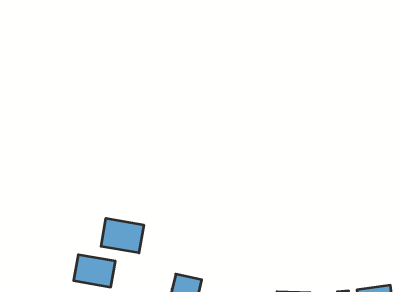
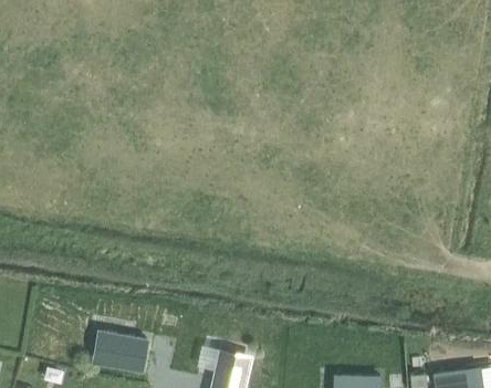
building: [101,218,144,253] -> none

